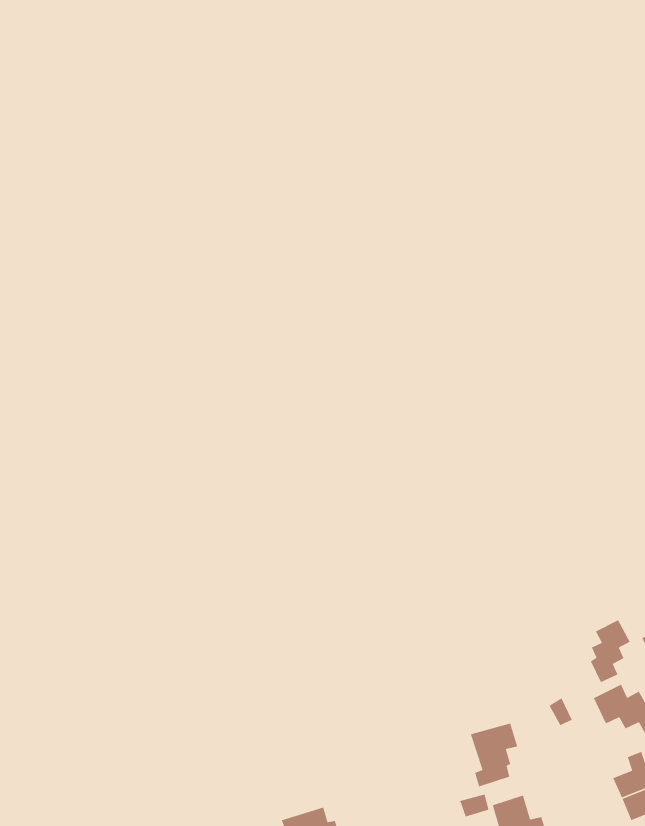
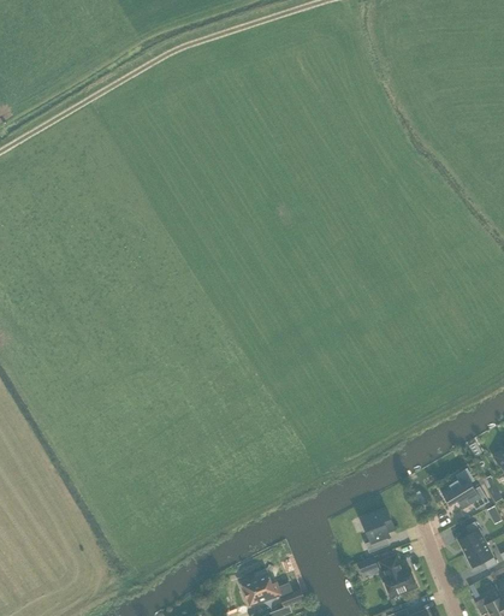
building: [590,619,631,683] -> none

